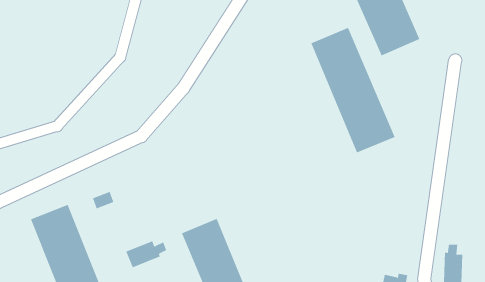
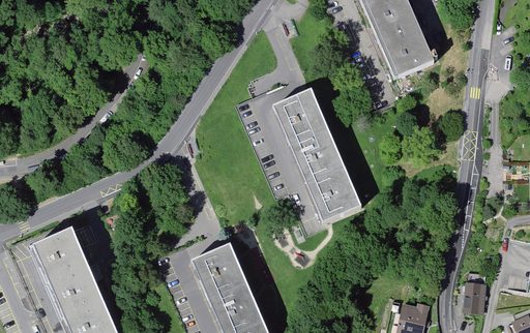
building: [310,27,395,153] -> [275,91,363,221]
building: [125,240,167,268] -> none

